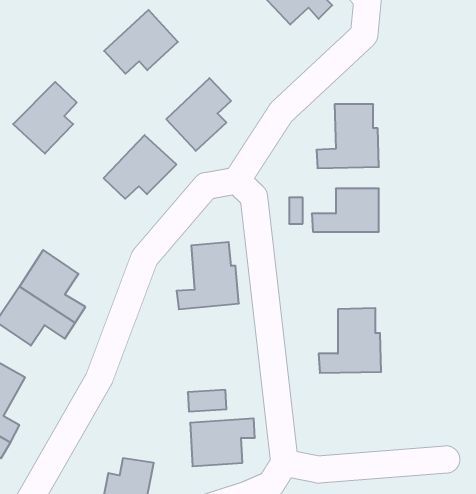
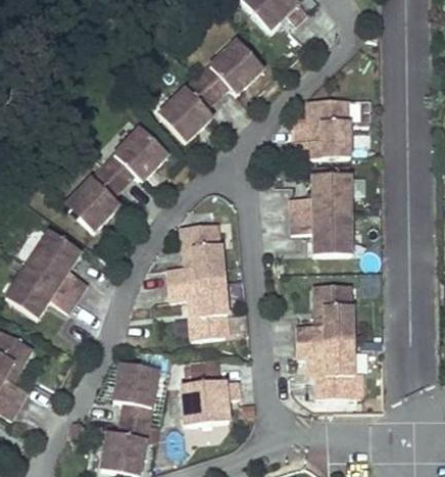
building: [104,10,178,74] -> [198,40,264,97]
building: [13,82,77,154] -> [65,166,122,231]
building: none -> [291,214,351,253]
building: none -> [170,279,228,339]
building: none -> [297,340,352,397]
building: none -> [113,363,157,422]

